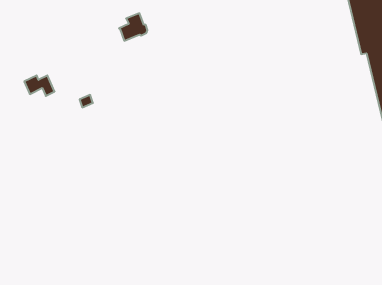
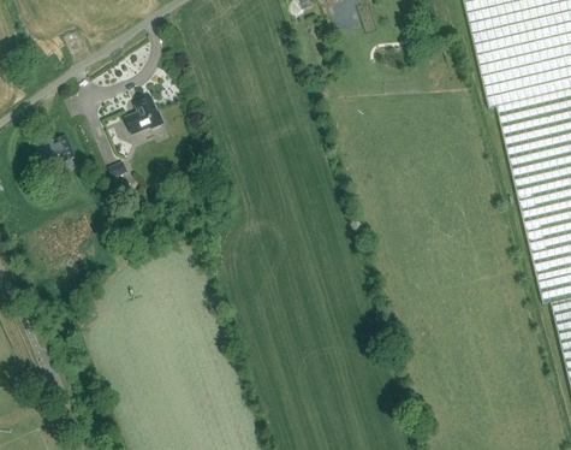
building: [119,13,147,41] -> [126,96,165,134]

